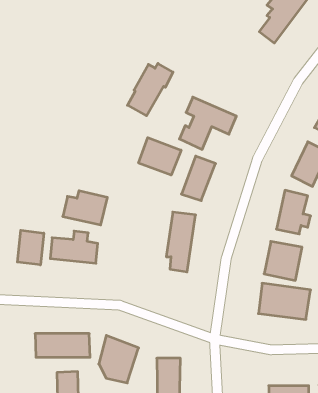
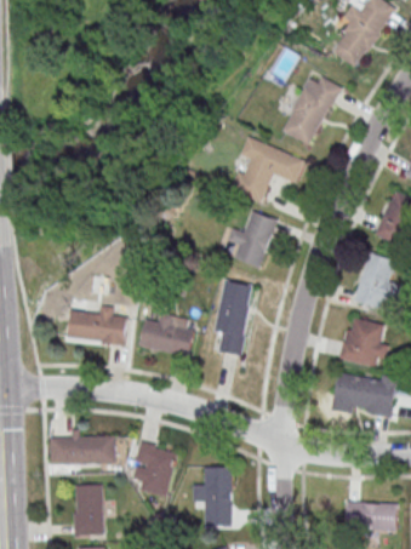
building: [127,63,173,116] -> [284,76,342,143]
building: [139,138,181,175] -> none
building: [63,191,107,225] -> [138,314,195,358]
building: [17,230,44,265] -> none

